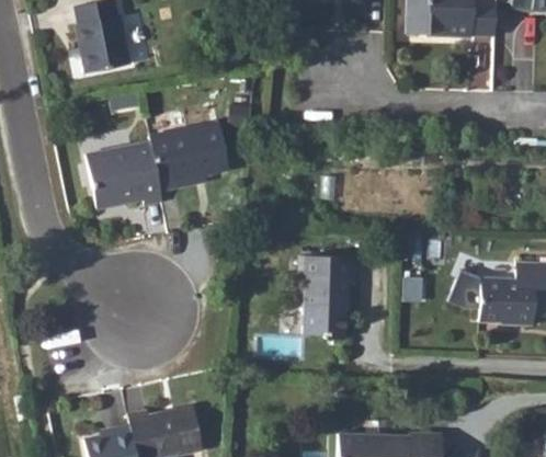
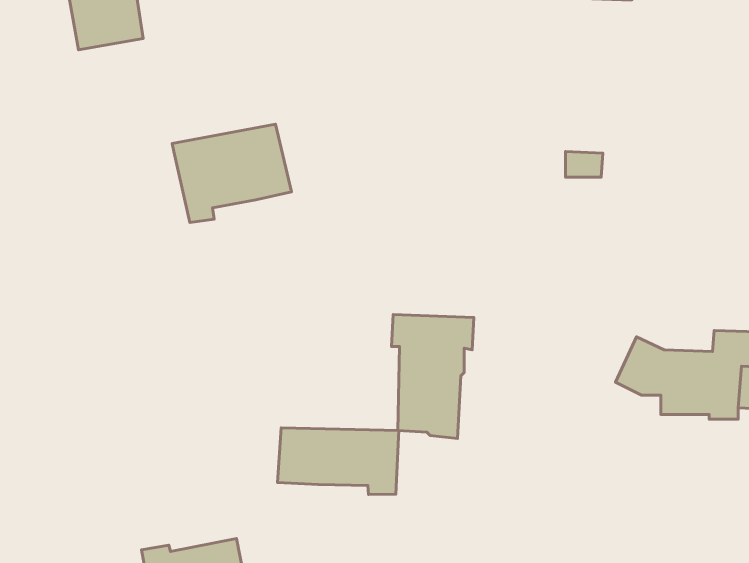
building: [87,142,163,209] -> none
building: none -> [278,428,399,494]

